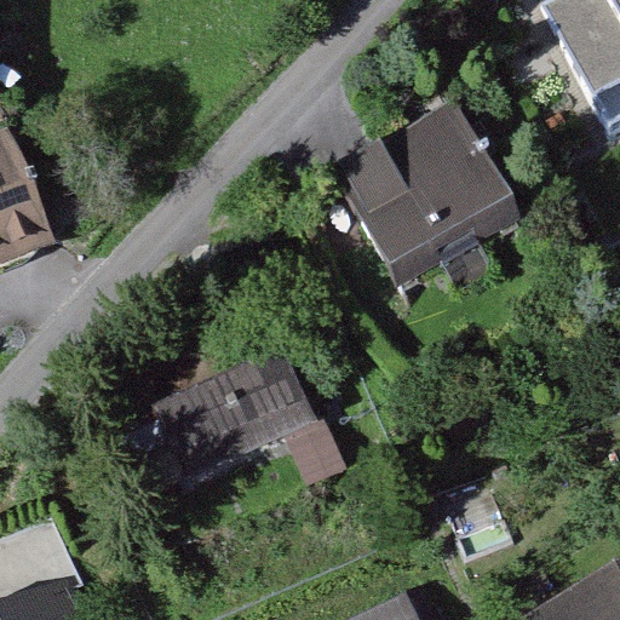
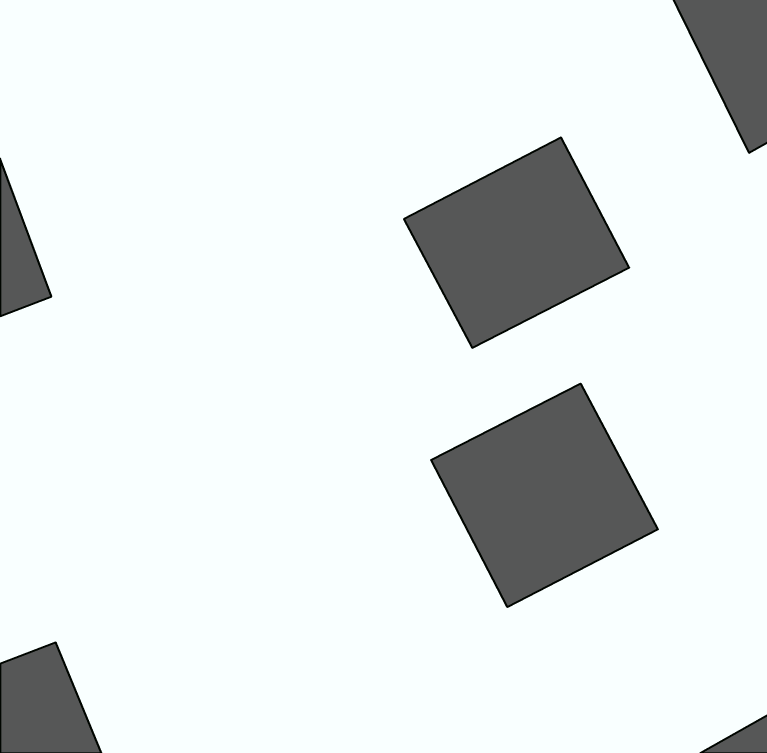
building: none -> [431,384,658,607]
building: [161,349,327,486] -> none

